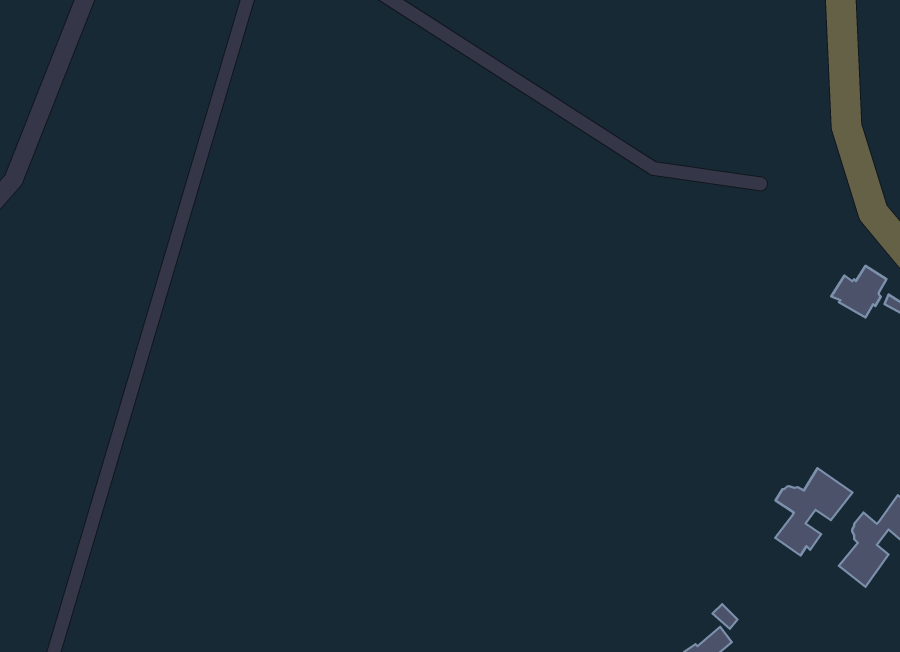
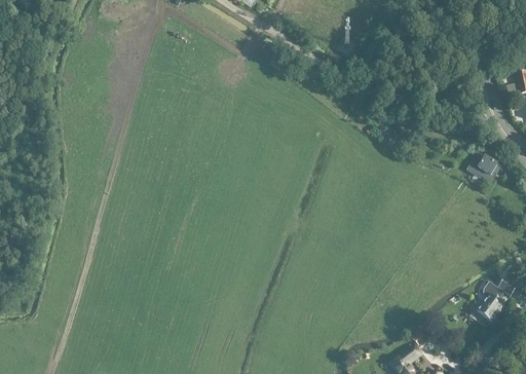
building: [775,468,852,555] -> none

